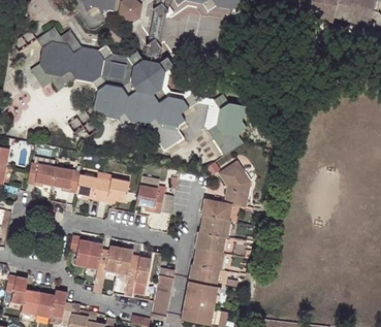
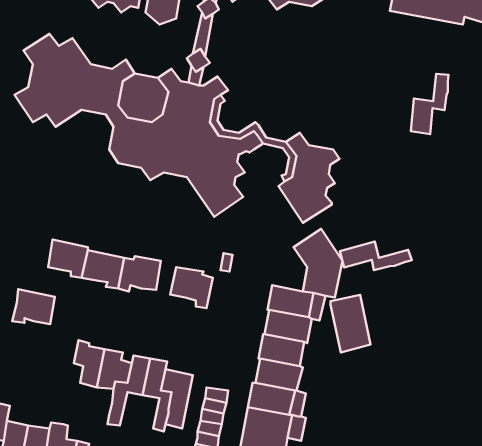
building: none -> [411,74,449,134]
building: [27,162,56,186] -> [12,289,55,324]
building: none -> [340,241,412,270]
building: none -> [331,295,370,352]

